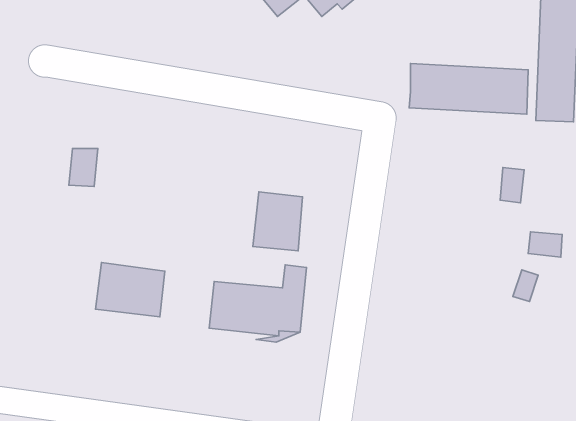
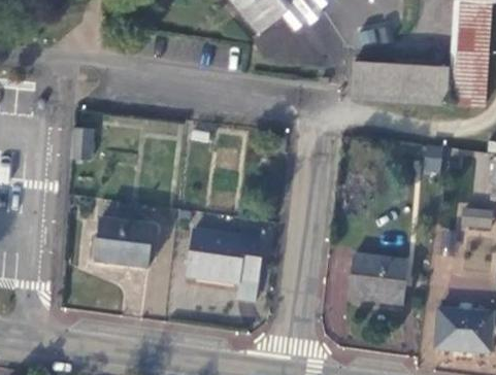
building: [253,192,303,251] -> none
building: none -> [352,261,408,304]
building: none -> [421,301,478,344]

